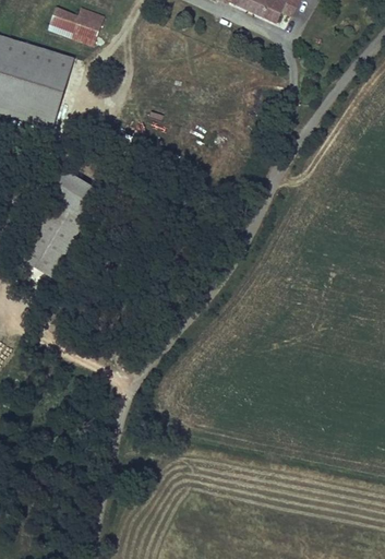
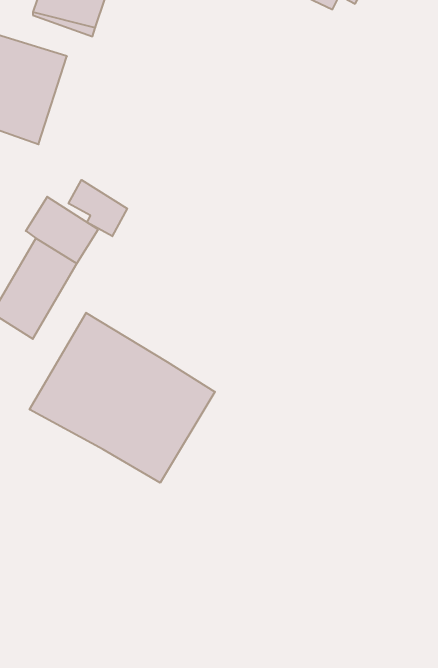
building: none -> [69,180,127,236]
building: none -> [30,313,215,483]

